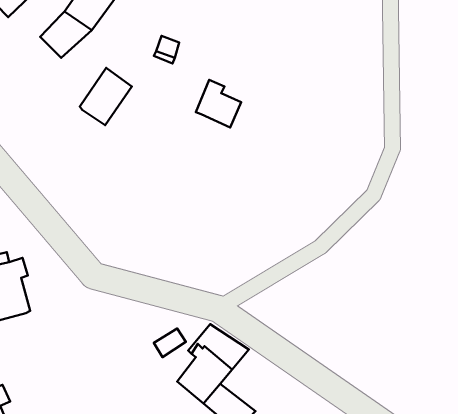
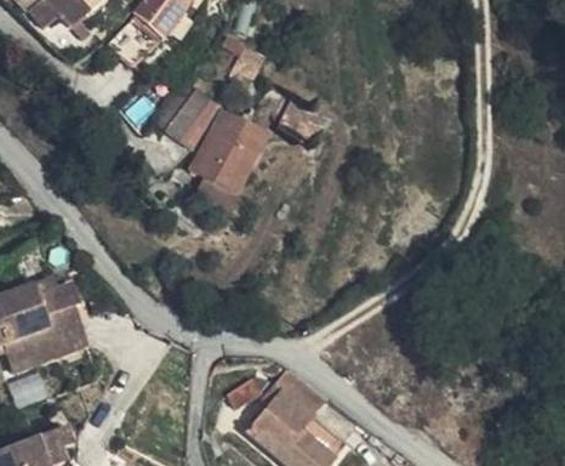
building: none -> [186,89,275,211]

